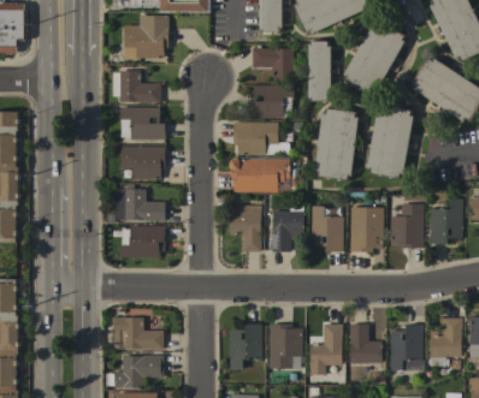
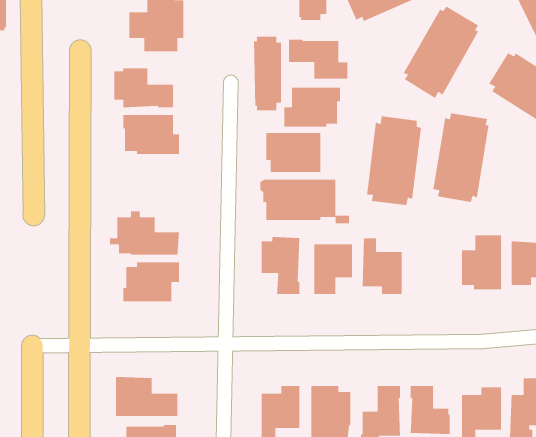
building: [308,41,331,101] -> [253,36,282,111]
building: [120,147,165,179] -> none
building: [350,207,383,253] -> none

